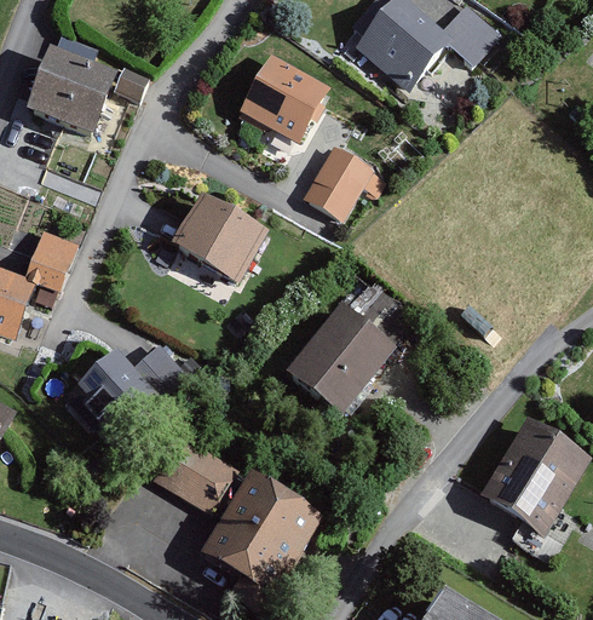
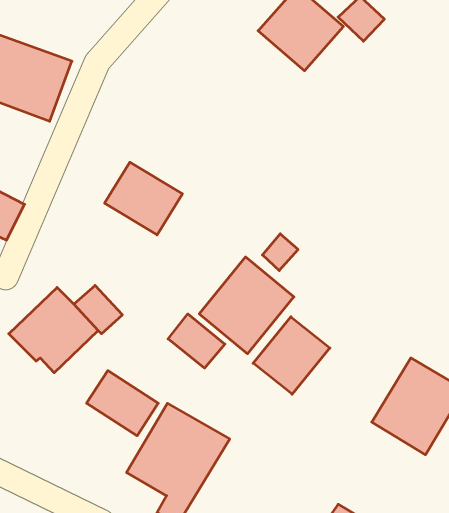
building: [238,57,334,147] -> none
building: [309,139,376,213] -> none
building: none -> [168,314,225,368]
building: none -> [253,317,330,394]

